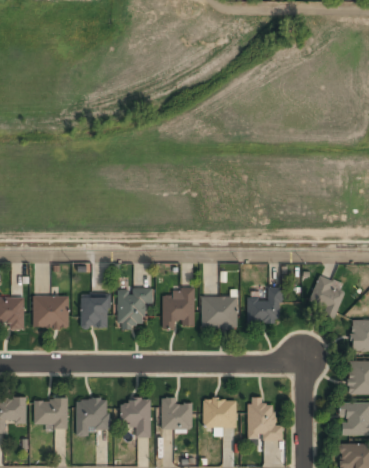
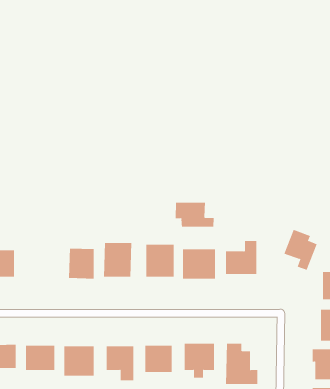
building: none -> [175,202,214,227]
building: [33,296,68,328] -> none

